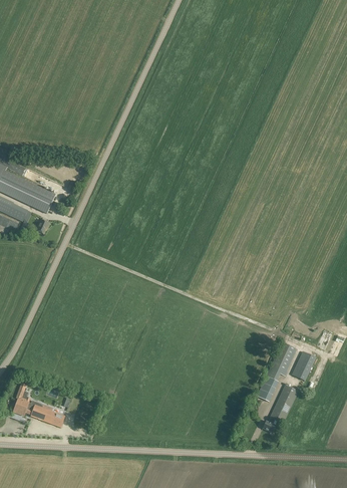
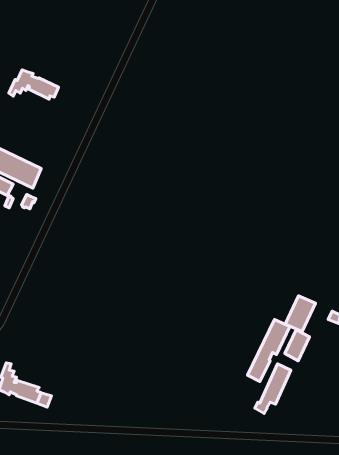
building: none -> [9,70,58,99]
building: none -> [285,296,316,331]

